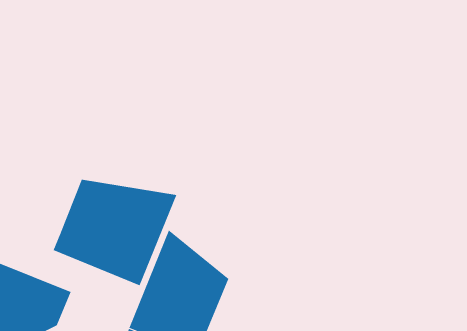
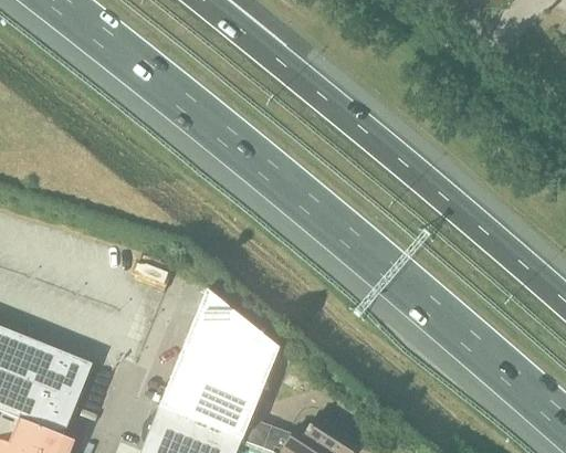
building: [53,179,177,286] -> none

